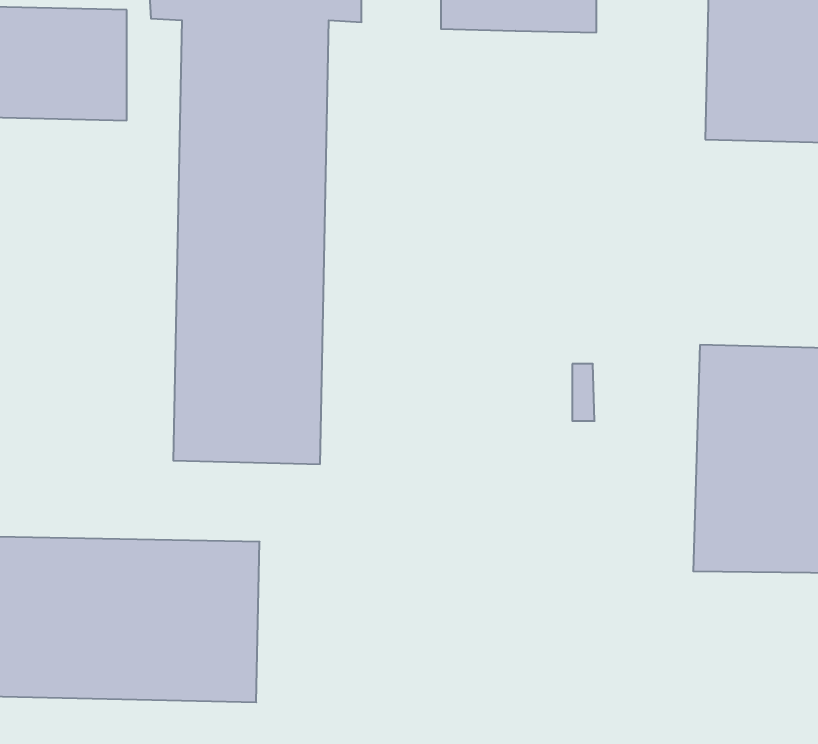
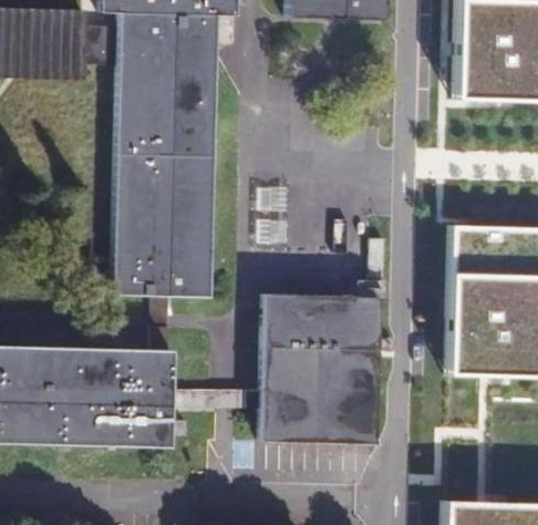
building: none -> [259,291,379,450]

